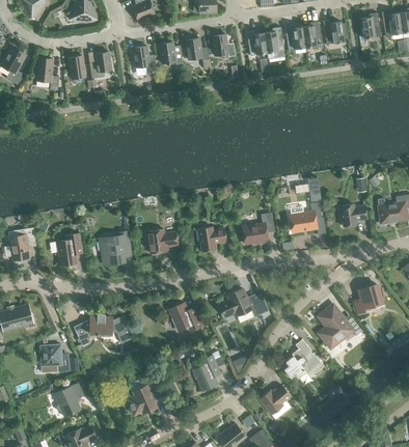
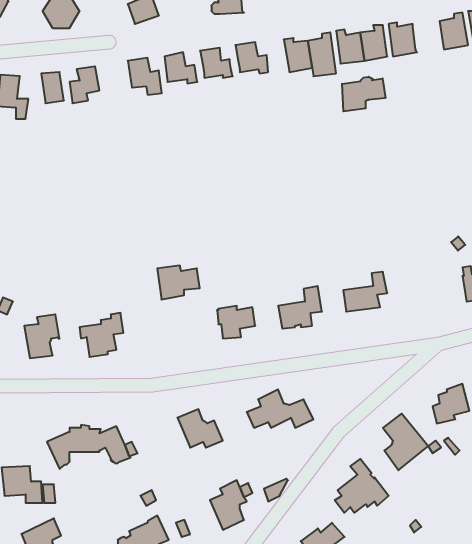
building: none -> [342,77,385,111]
building: [338,204,366,226] -> none
building: [146,229,178,254] -> [157,266,200,300]

